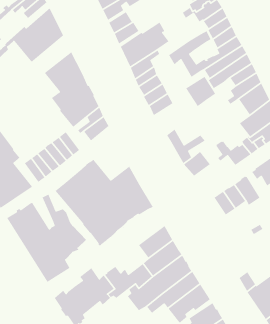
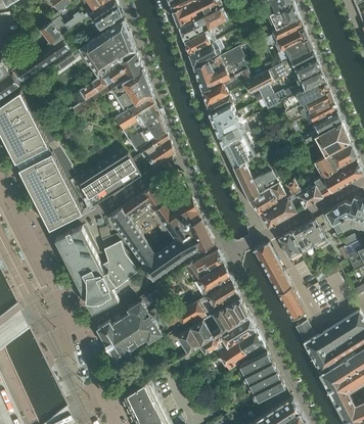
building: none -> [72,53,142,115]
building: [185,76,216,107] -> [223,136,256,169]
building: none -> [260,184,297,229]
building: none -> [254,244,306,320]
building: none -> [184,252,223,282]

